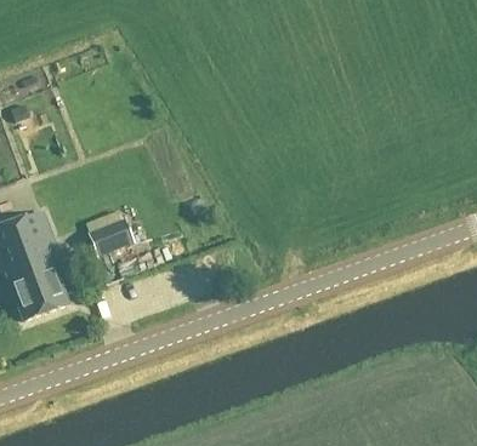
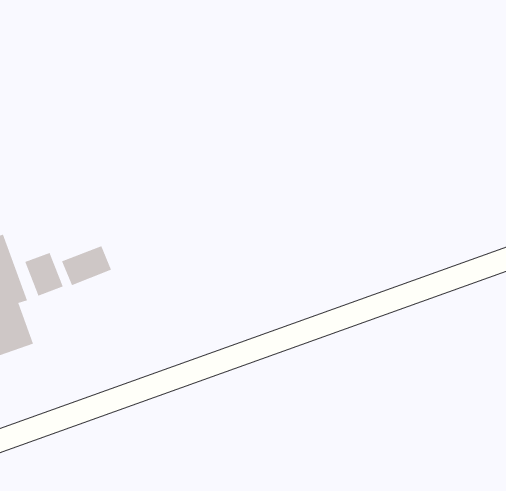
building: none -> [25,252,63,296]

